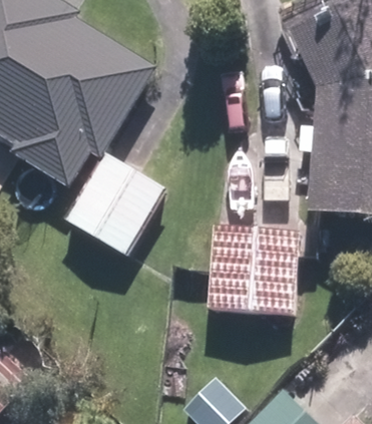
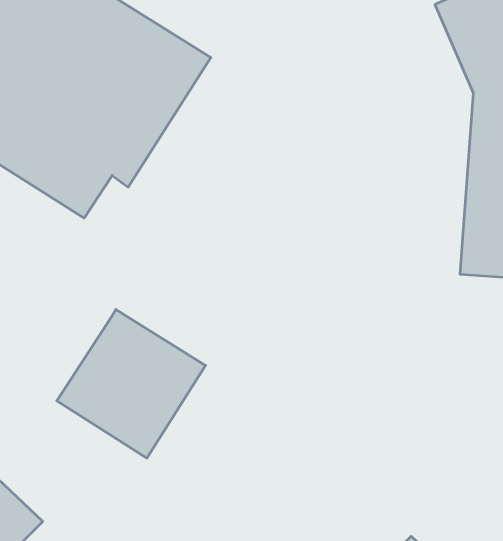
building: [54,148,155,250] -> [57,309,206,458]
building: [212,223,301,314] -> none

